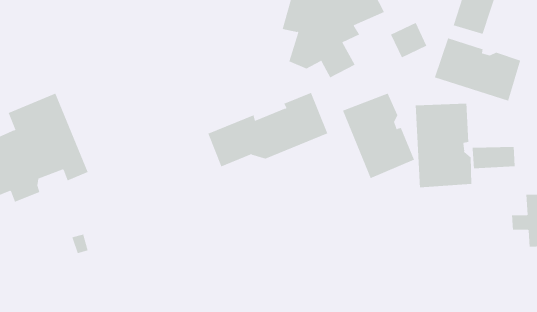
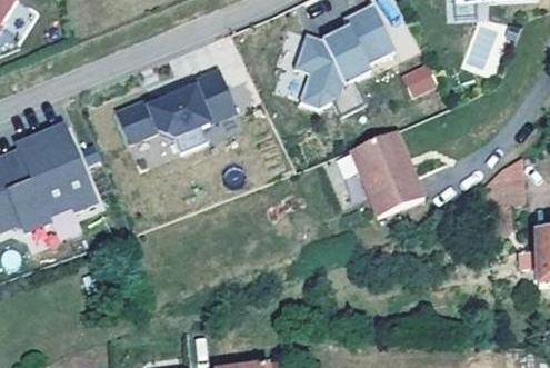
building: [434,38,521,102] -> none
building: [207,92,328,167] -> [117,70,237,145]
building: [415,103,472,188] -> none

